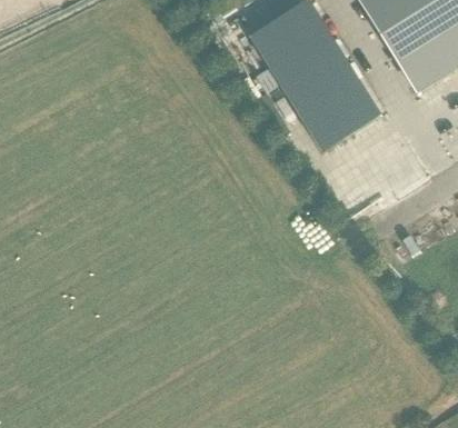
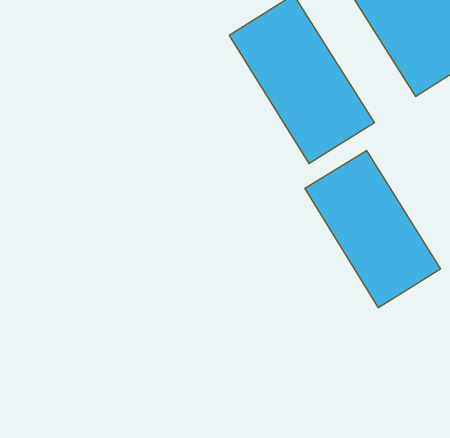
building: none -> [305,150,440,308]

